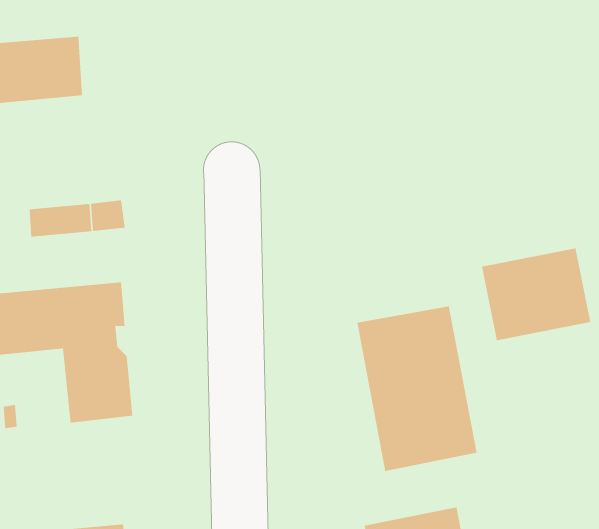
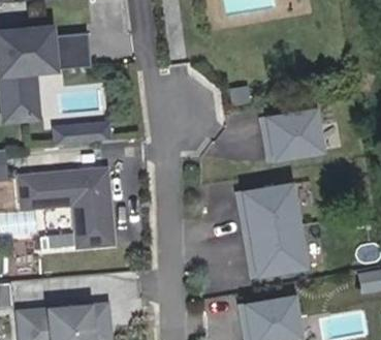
building: [481,248,591,341] -> [259,107,320,159]

